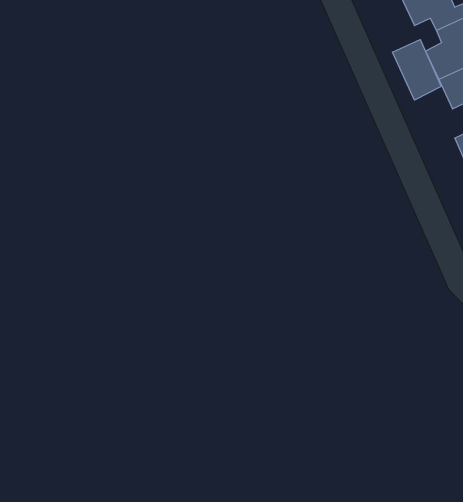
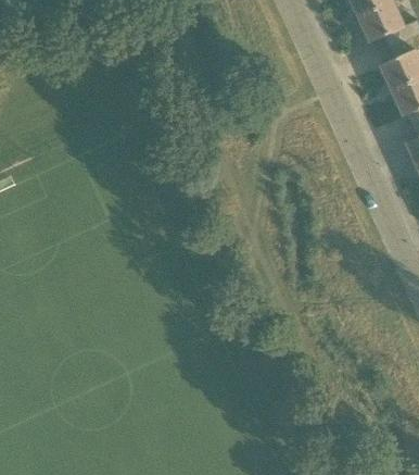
building: [393,40,441,100] -> none

